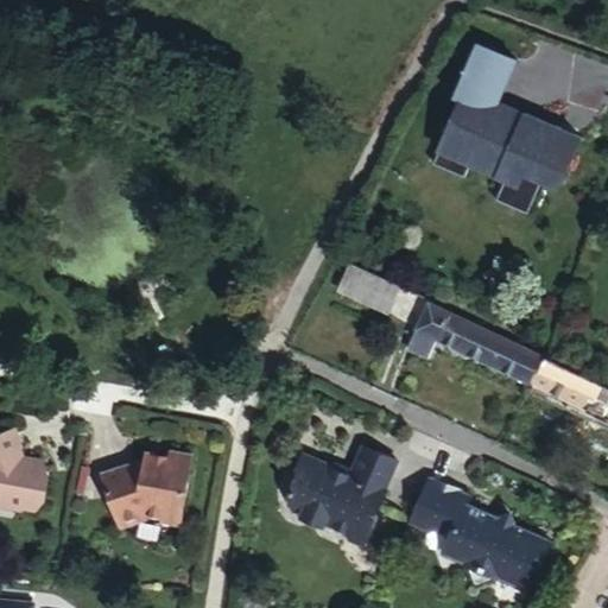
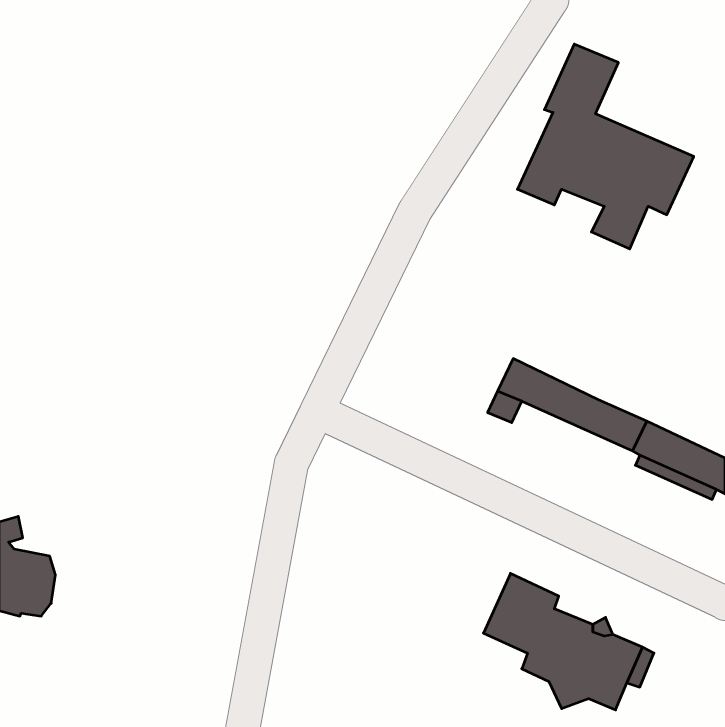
building: [340,261,400,312] -> none
building: [284,450,397,552] -> none
building: [97,451,190,530] -> none

